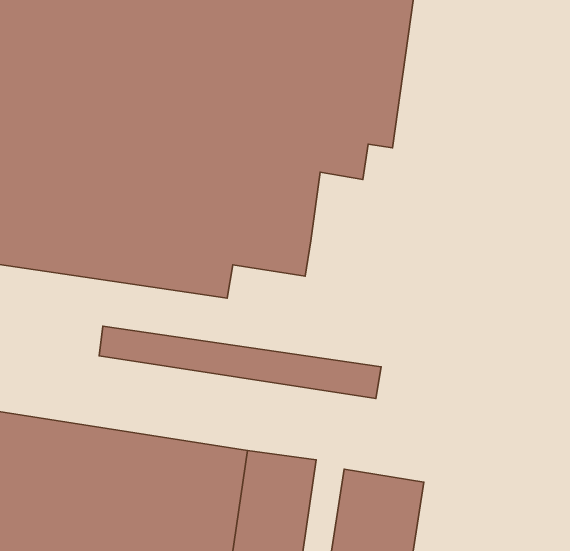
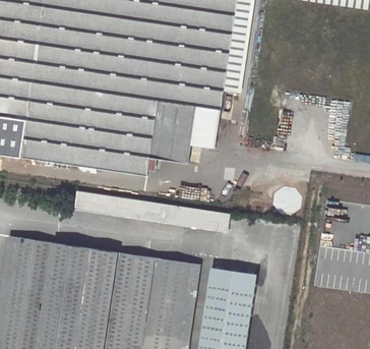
building: none -> [191,106,220,147]

